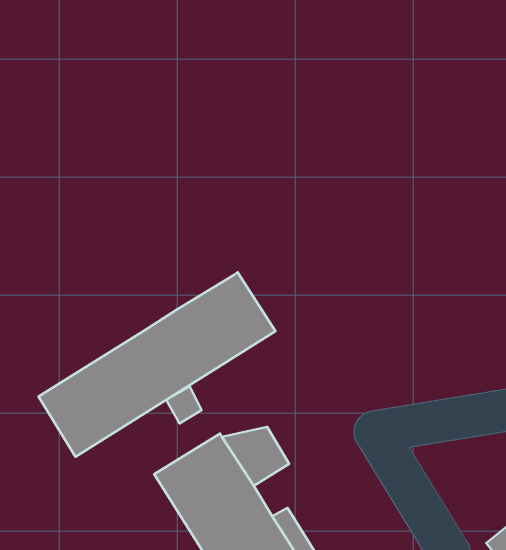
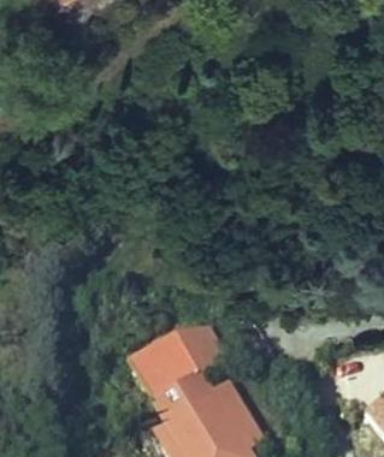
building: [38,272,276,457] -> none

